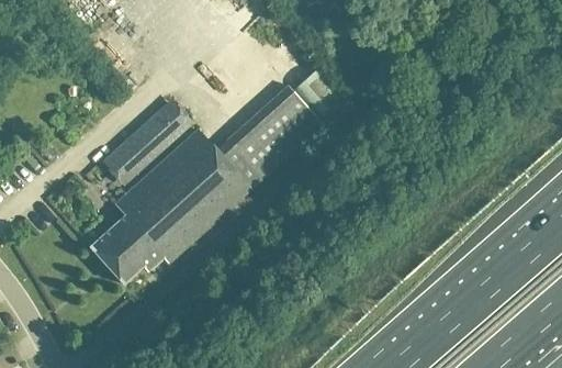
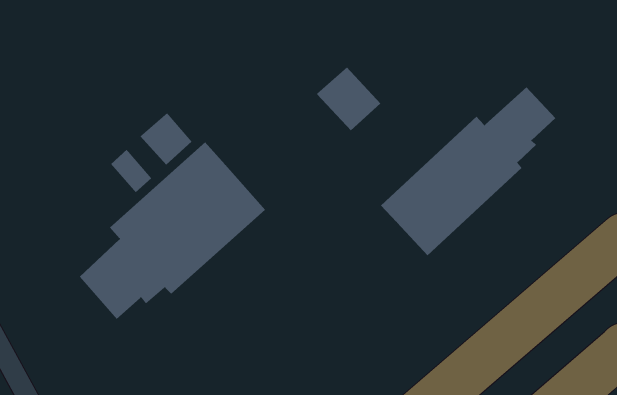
building: none -> [380,87,556,256]
building: [214,85,323,189] -> none

